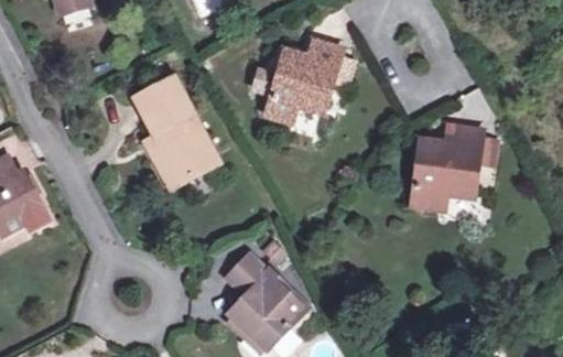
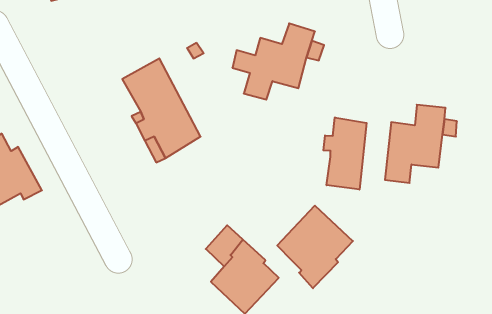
building: none -> [323,117,367,190]
building: none -> [277,206,353,288]

